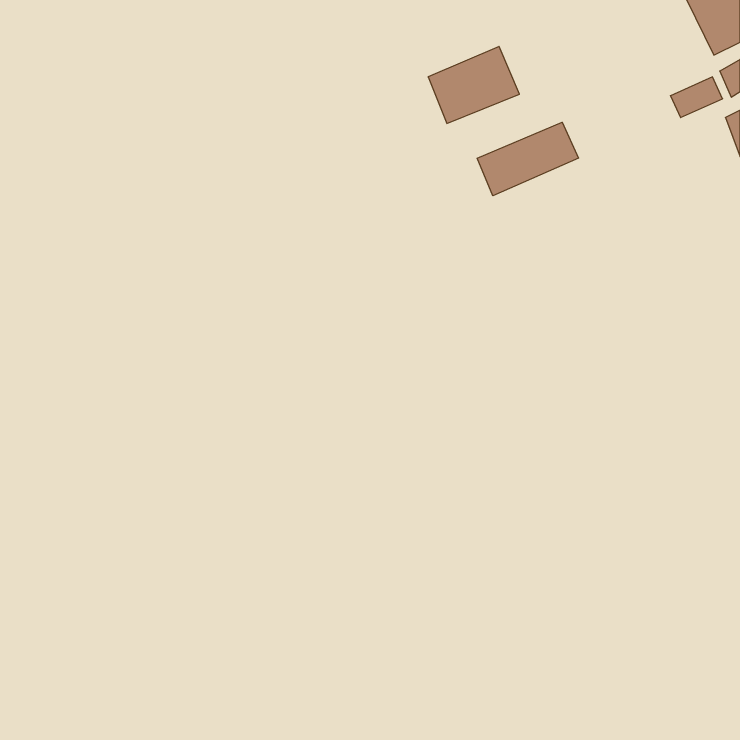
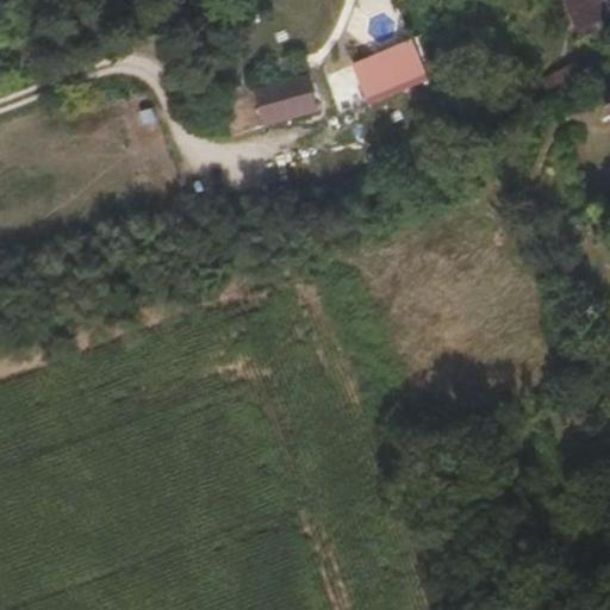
building: none -> [254,75,316,125]
building: [477,122,578,196] -> none

